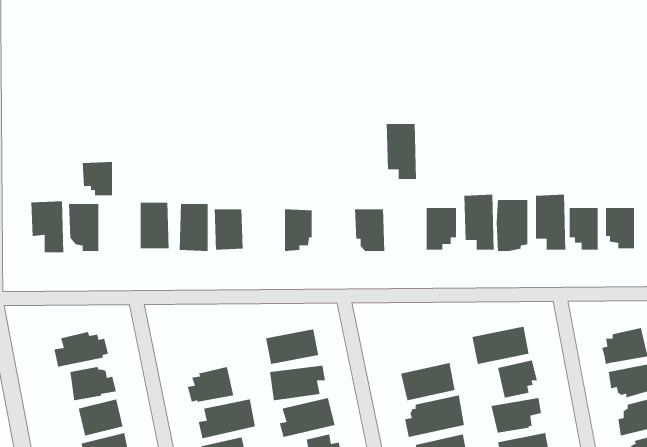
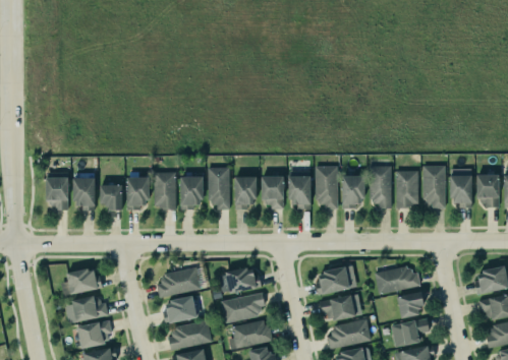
building: [386,123,417,180] -> [315,167,338,209]
building: [82,161,113,196] -> [98,185,121,212]
building: none -> [208,168,231,209]
building: none -> [260,177,283,209]
building: none -> [313,260,355,295]
building: none -> [157,267,201,298]

